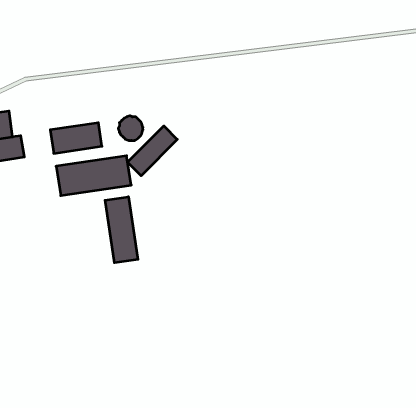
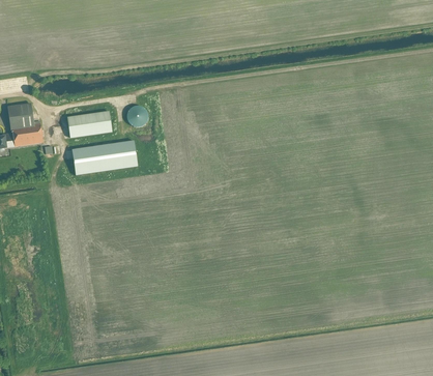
building: [128,126,177,176] -> none
building: [105,197,138,263] -> none

